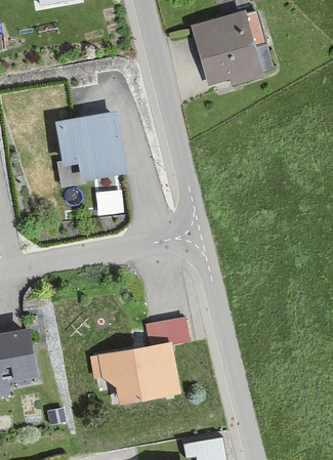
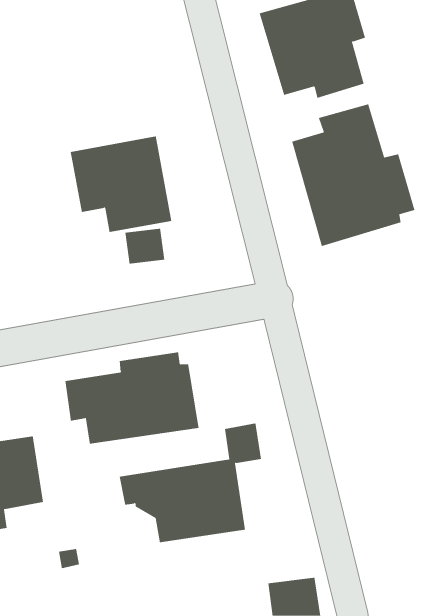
building: none -> [291,104,415,247]
building: none -> [65,351,199,444]

